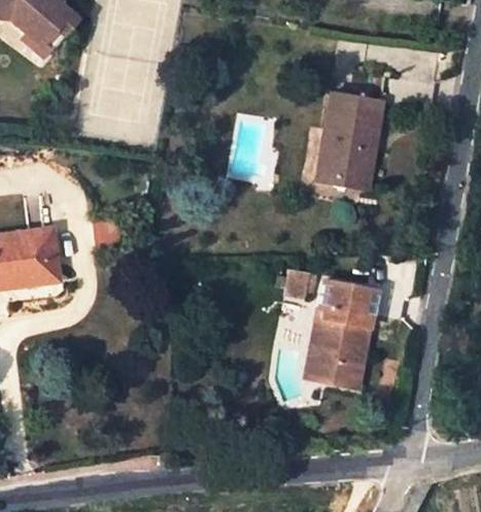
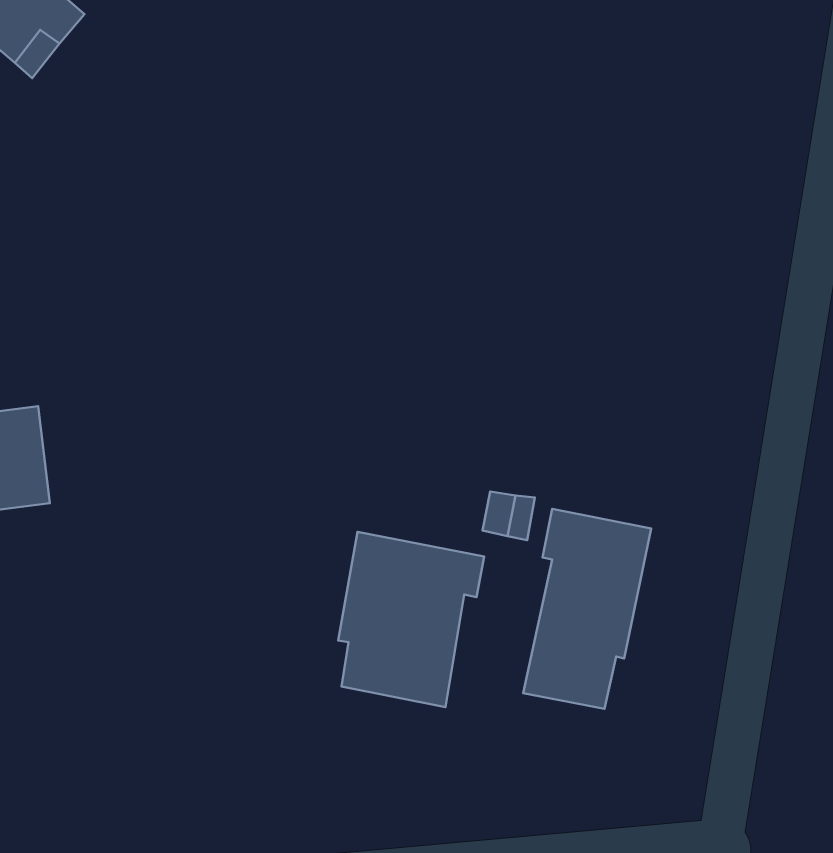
building: [320,95,381,183] -> none
building: none -> [338,532,484,707]

